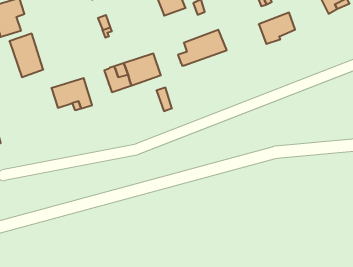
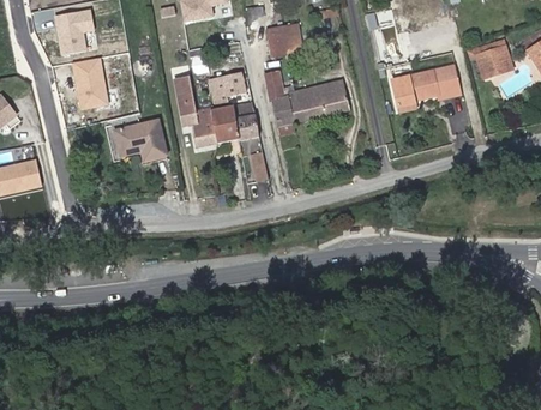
building: none -> [434,67,464,101]
building: none -> [264,70,296,123]
building: none -> [212,70,245,92]
building: none -> [172,85,194,120]

